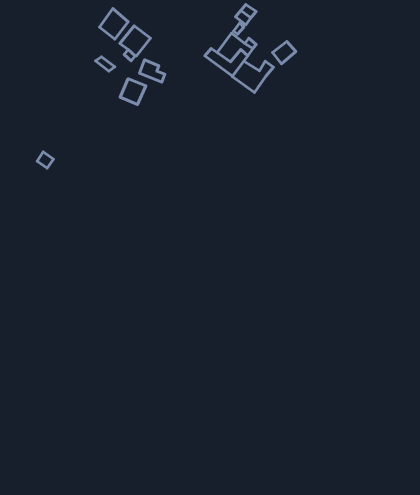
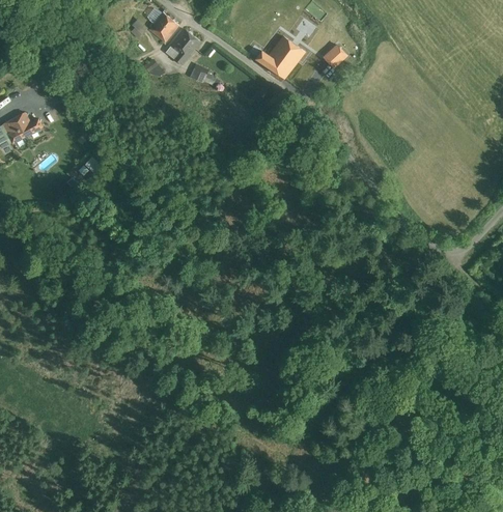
building: [232,61,273,93] -> none
building: [120,79,146,104] -> none

